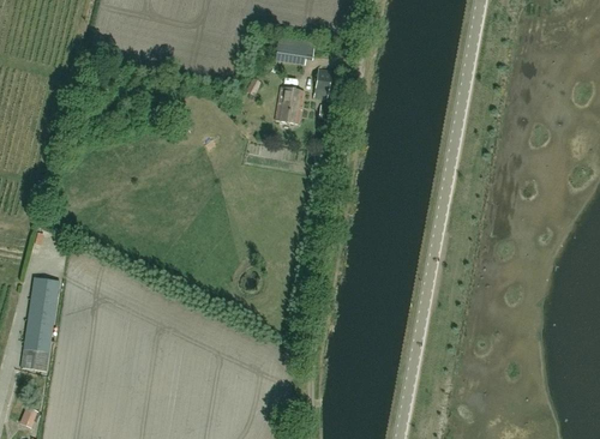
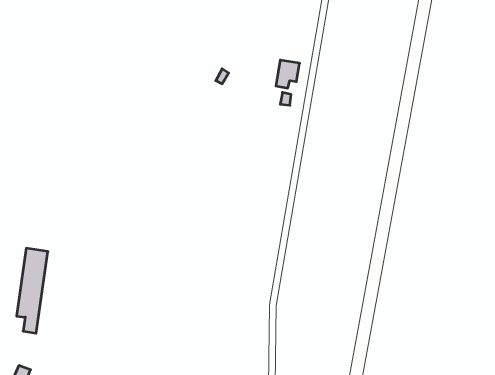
building: [276,37,314,65] -> none
building: [275,88,304,125] -> none

